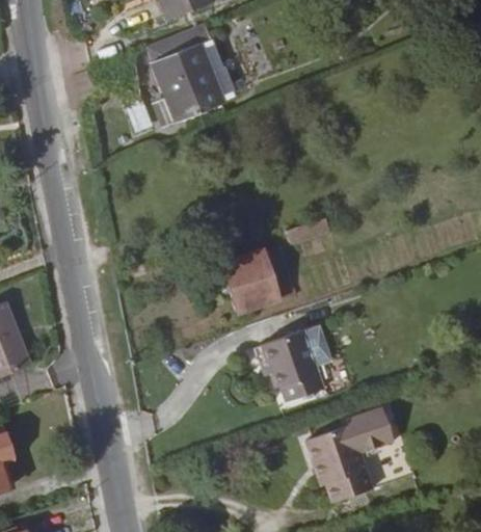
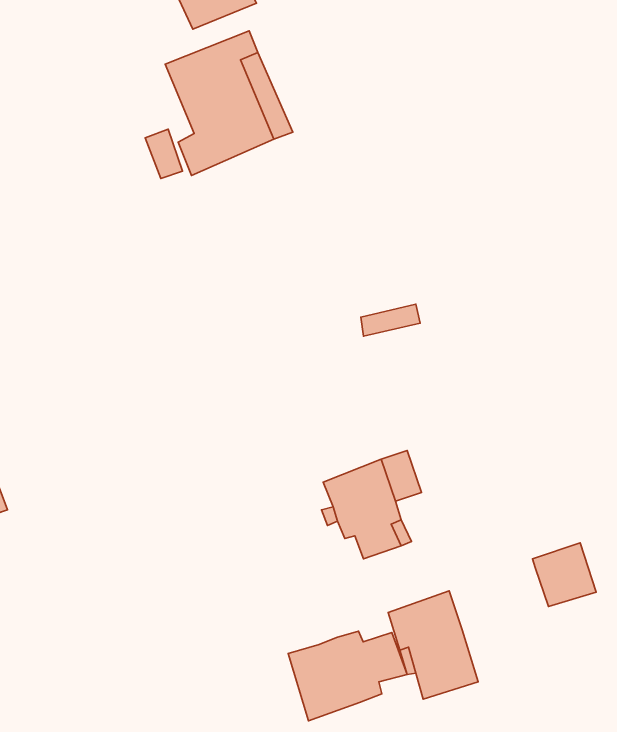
building: [218,245,291,312] -> none
building: [346,407,392,453] -> [532,543,596,607]
building: none -> [288,631,407,721]

